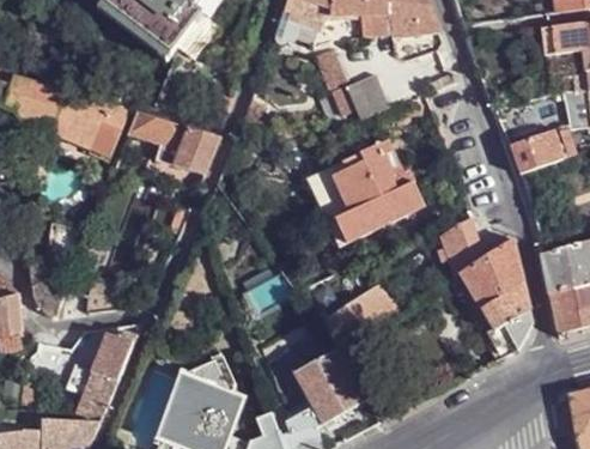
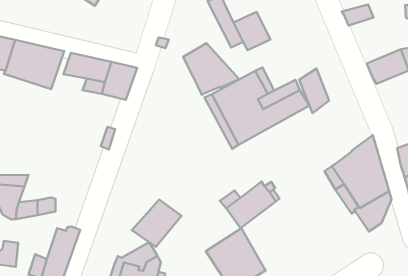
building: none -> [183,43,239,95]
building: [449,213,485,269] -> [299,68,329,113]
building: none -> [132,200,181,247]

